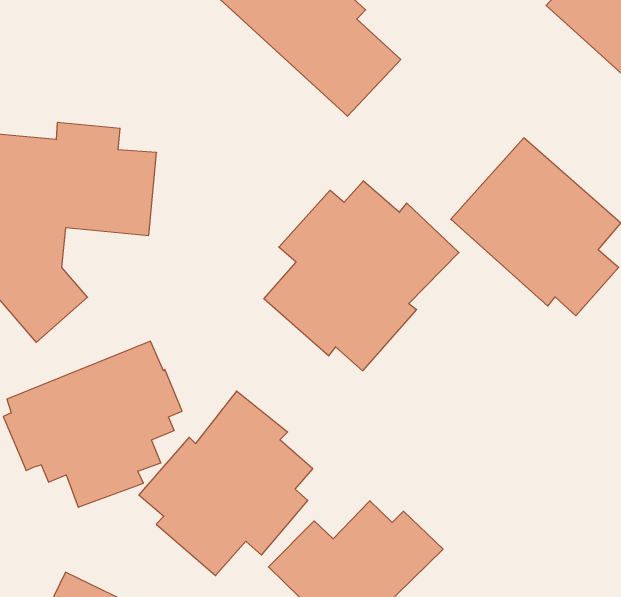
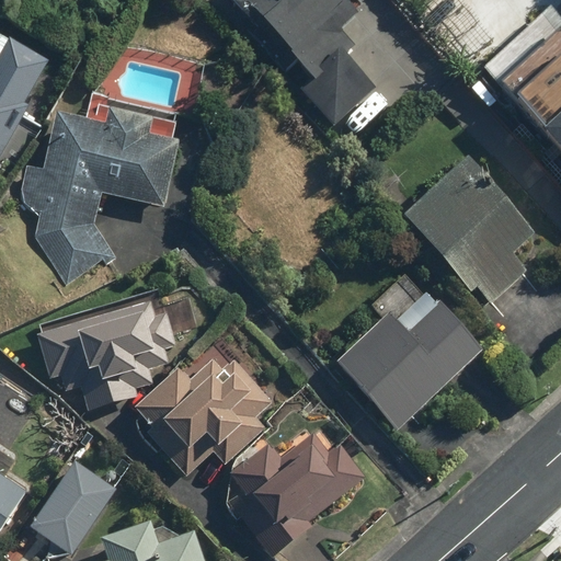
building: [264,181,459,371] -> none
building: none -> [332,306,478,432]

